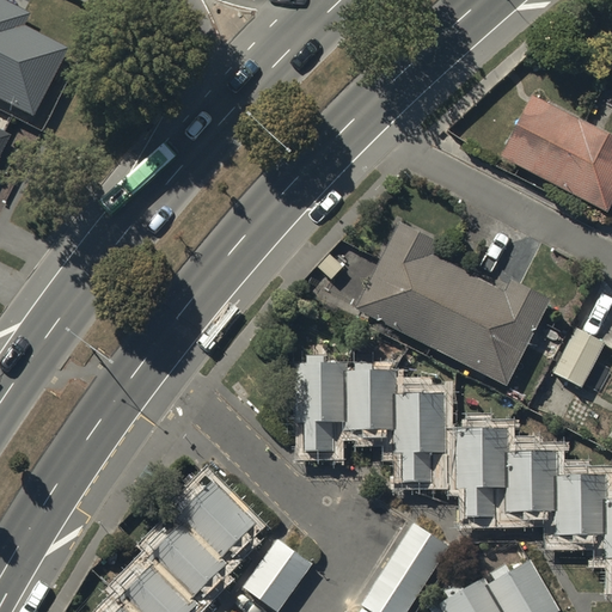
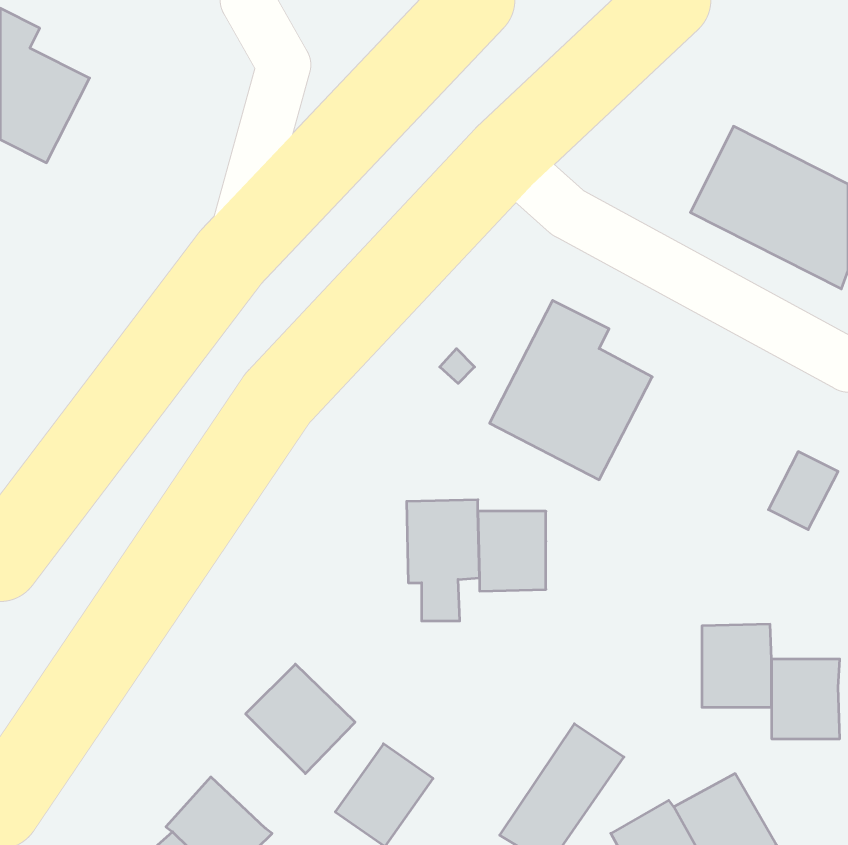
building: [432,274,550,385] -> none
building: [393,392,446,482] -> none
building: [455,429,506,516] -> none
building: [147,521,225,599] -> none

